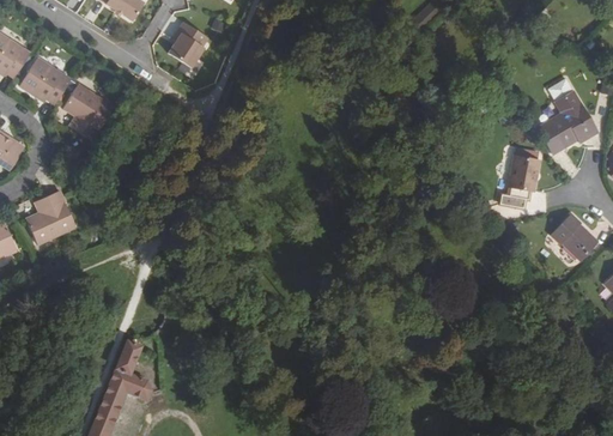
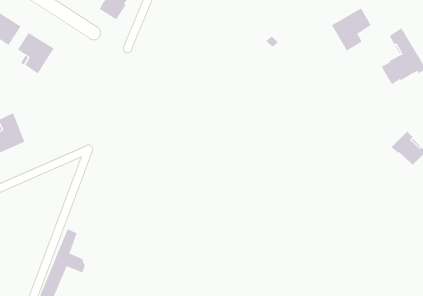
building: none -> [331,8,372,51]
building: [500,155,539,210] -> none

